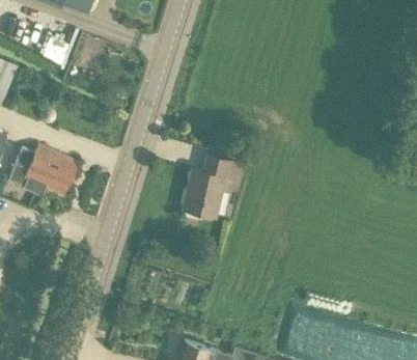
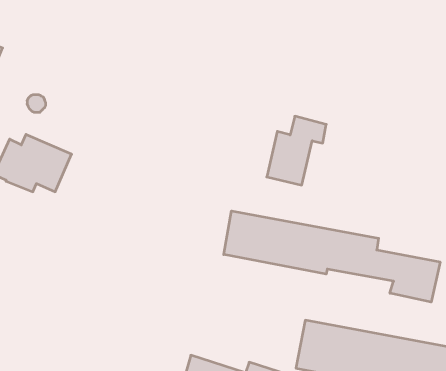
building: [184,157,237,218] -> [267,116,326,185]
building: none -> [224,211,440,302]

